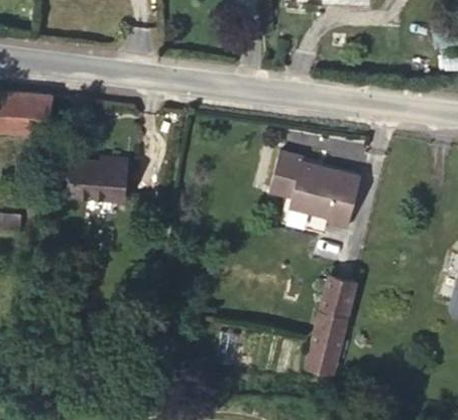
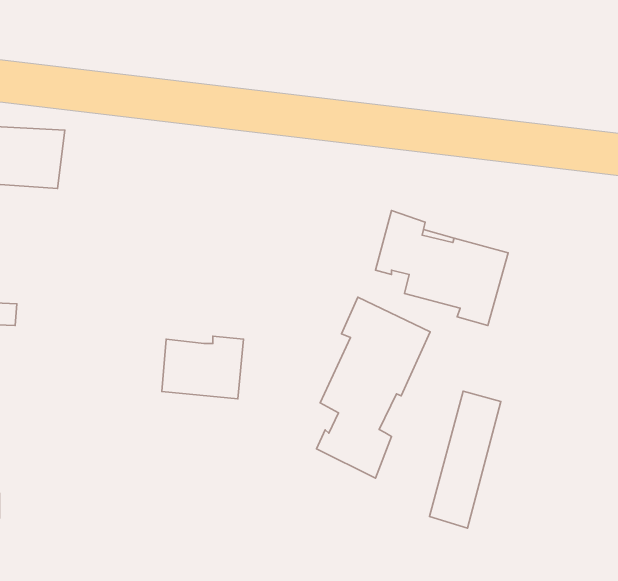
building: [72,157,128,200] -> [162,336,244,399]
building: none -> [317,297,430,478]

